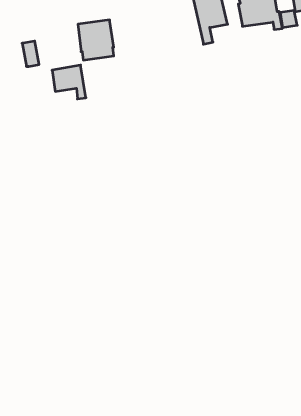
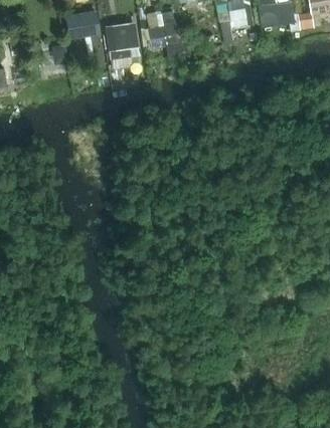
building: none -> [147,11,183,54]
building: [52,65,86,99] -> [67,13,100,45]

